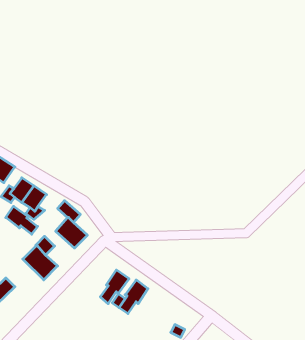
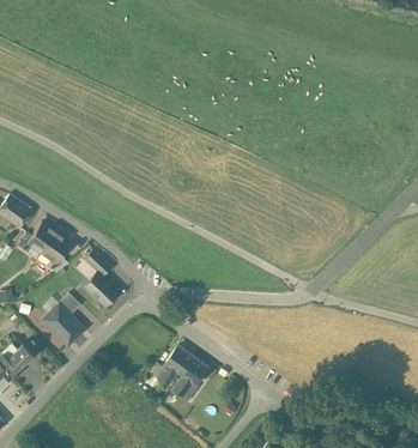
building: [6,206,38,234] -> none
building: [100,270,129,304] -> [174,357,208,398]

